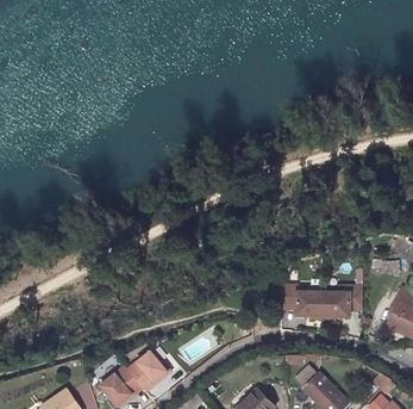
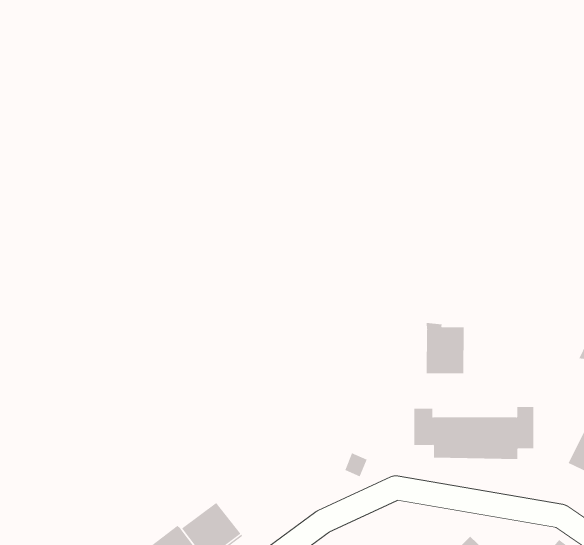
building: none -> [426,322,464,374]

